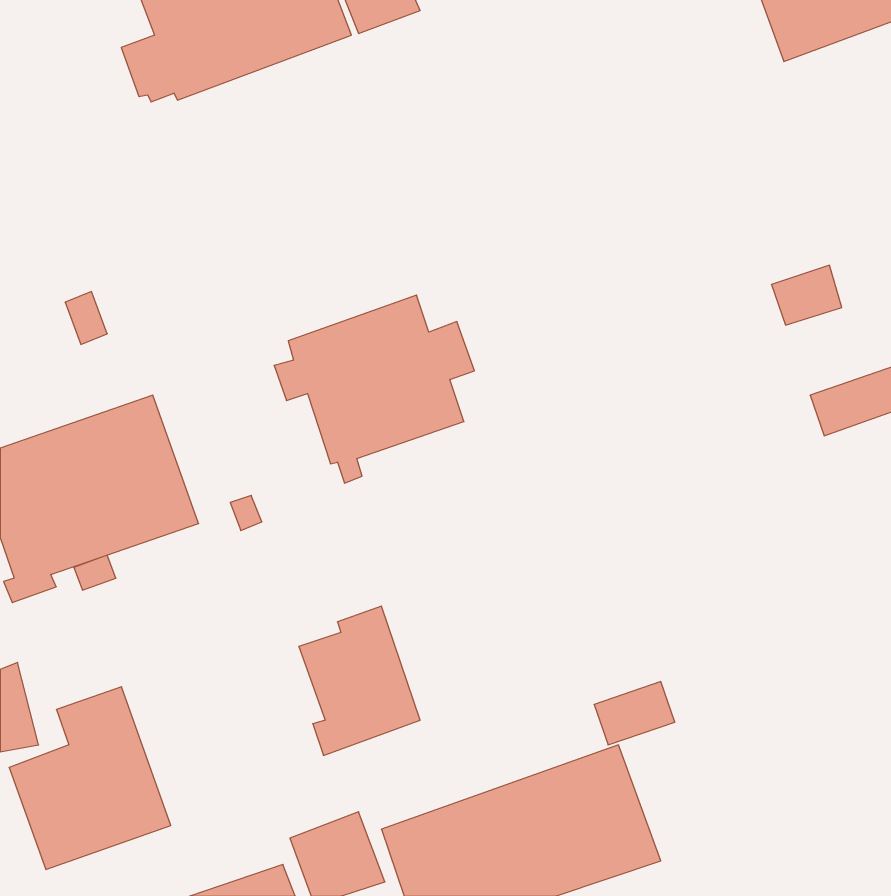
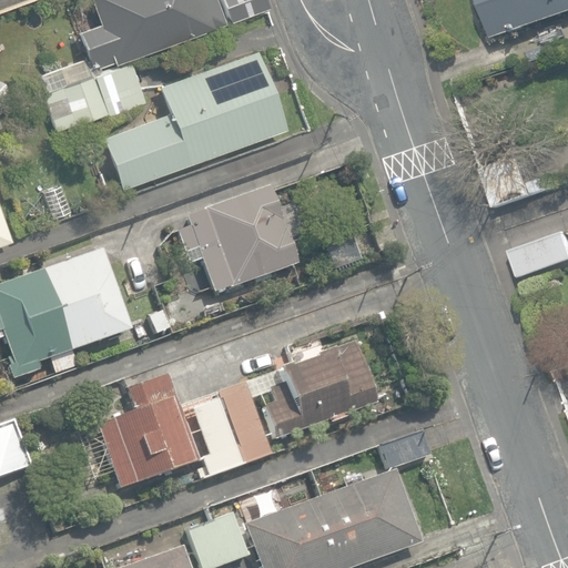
building: none -> [103,51,284,186]
building: none -> [42,57,146,126]
building: none -> [246,342,377,439]
building: [9,687,171,869] -> [98,374,200,489]

